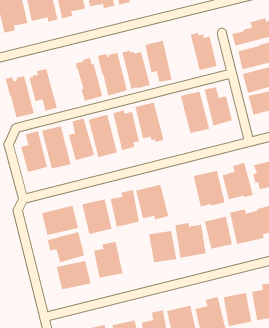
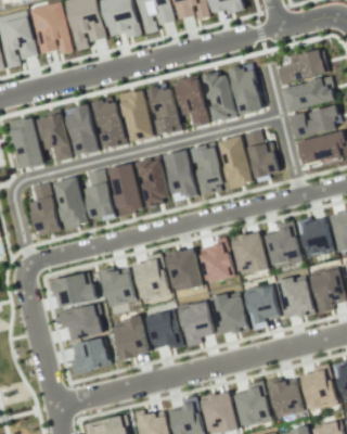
building: none -> [202,71,234,119]
building: none -> [64,103,99,155]
building: none -> [189,142,222,194]
building: none -> [201,237,230,277]
building: none -> [145,310,181,349]

